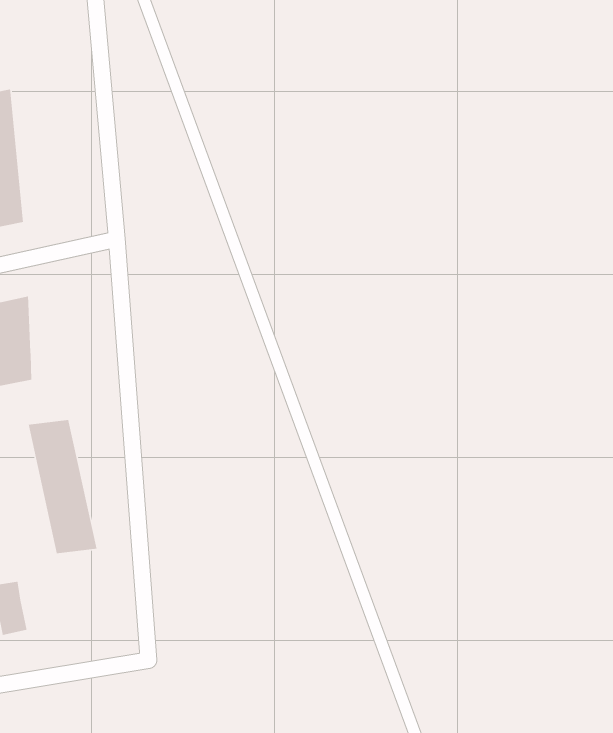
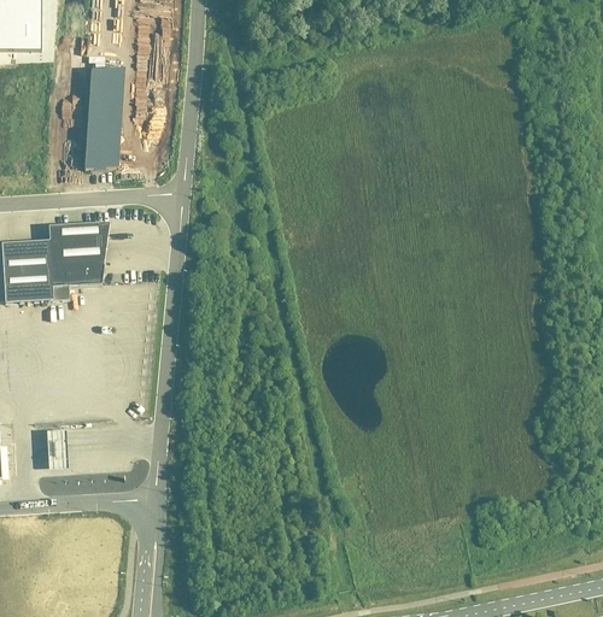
building: [28,419,97,554] -> none

